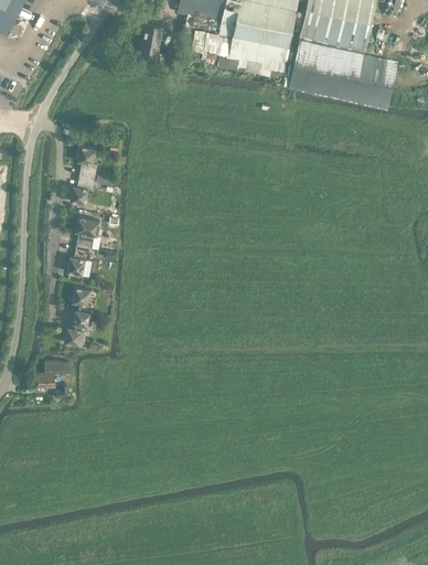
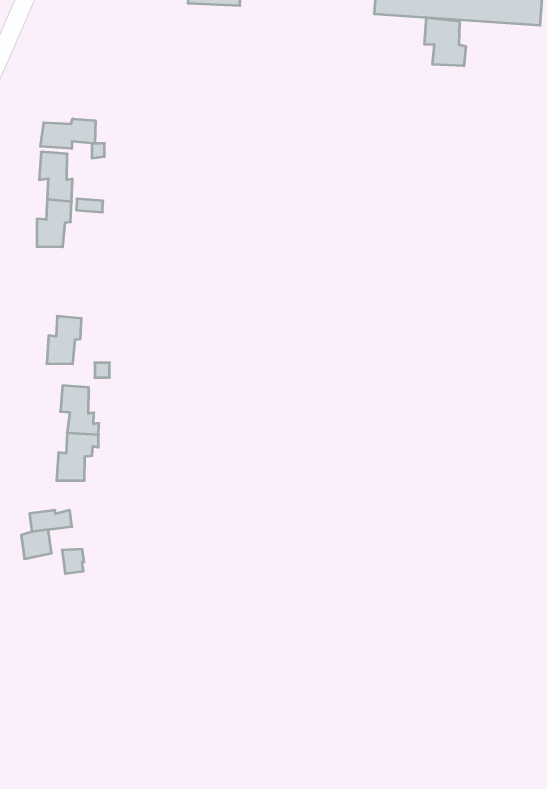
building: none -> [425,17,466,66]
building: none -> [40,119,95,149]
building: [74,214,99,246] -> none

